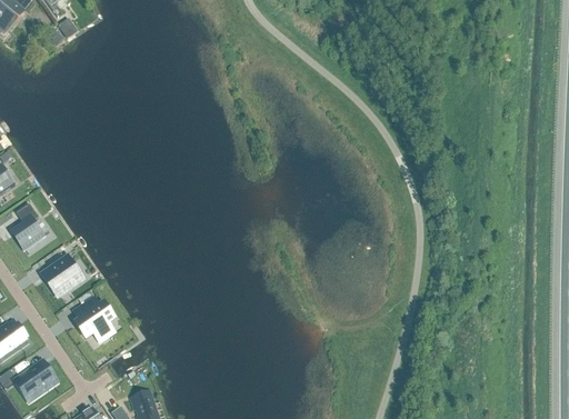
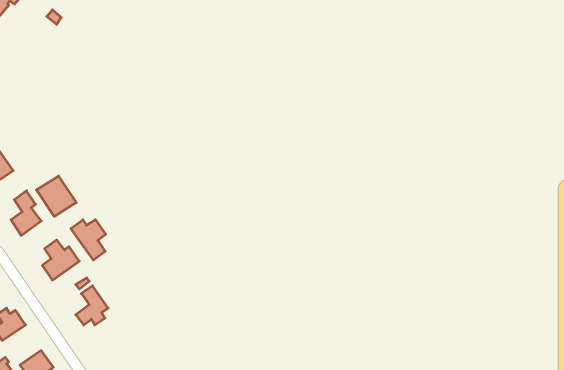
building: none -> [36,176,76,216]
building: none -> [71,220,106,260]

